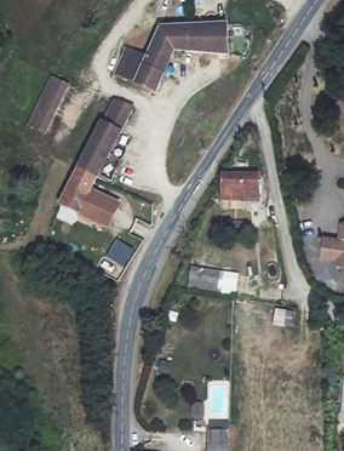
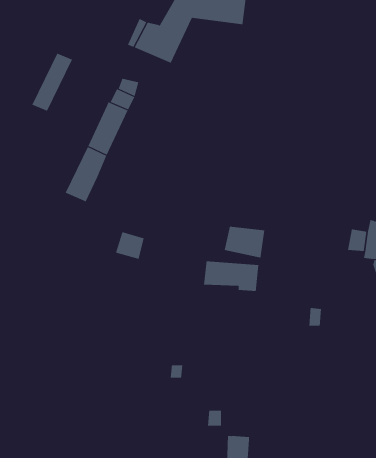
building: [220,177,258,206] -> [224,226,265,258]
building: [79,190,119,227] -> none

